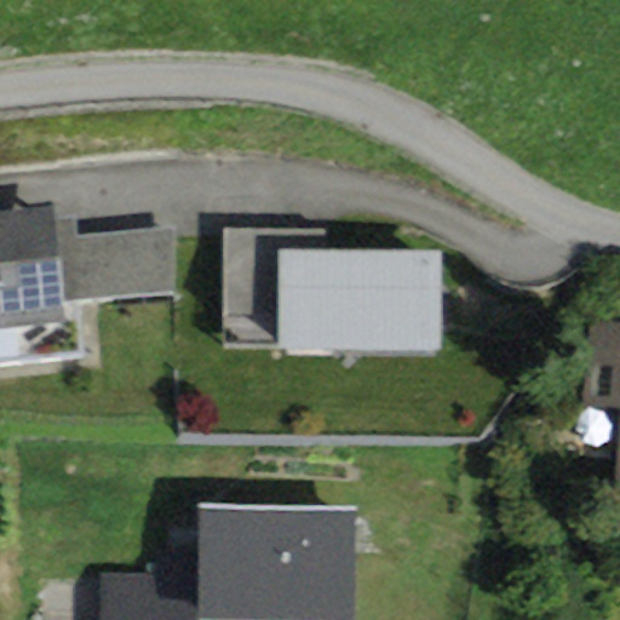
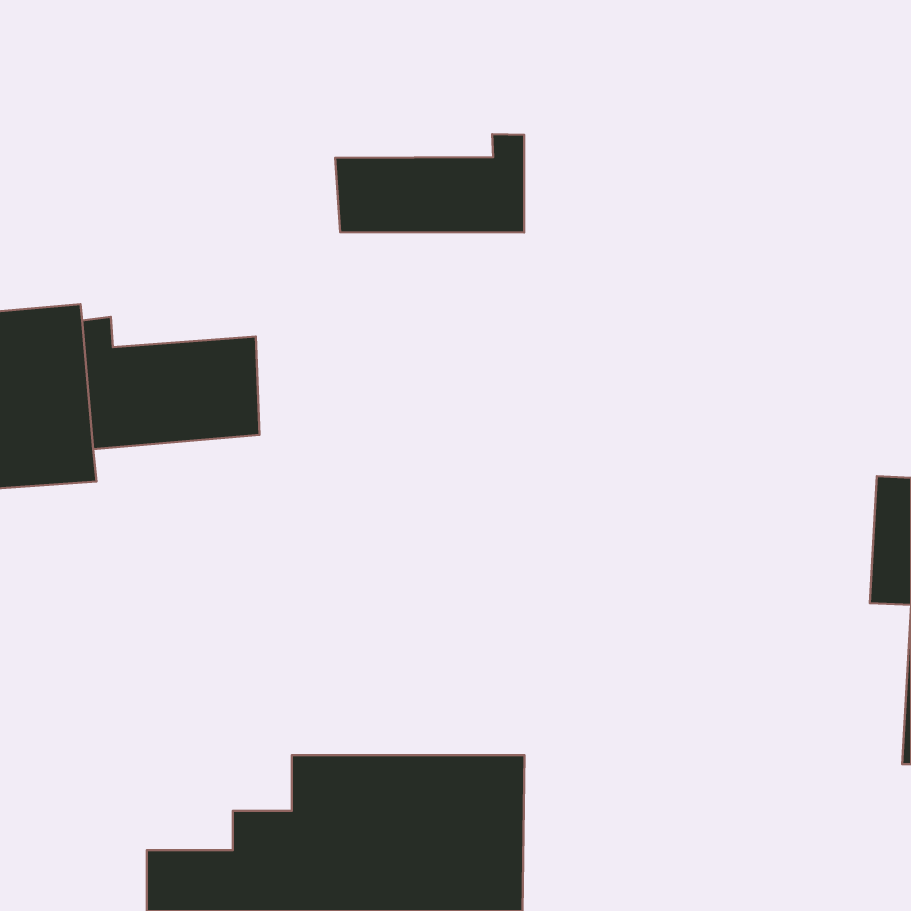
building: none -> [335,134,524,233]
building: [223,229,442,356] -> none

